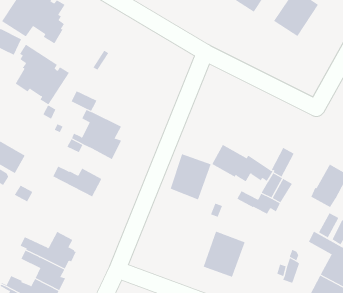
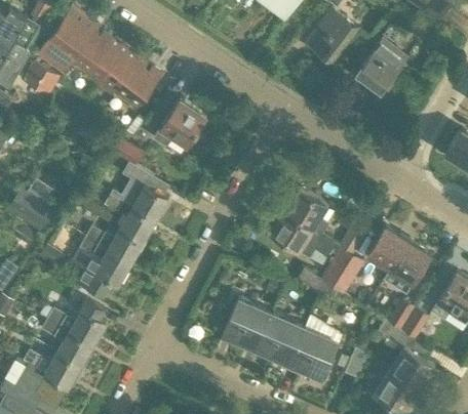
building: [15,44,70,105] -> [98,39,162,112]
building: none -> [155,100,207,148]
building: none -> [285,189,327,230]
building: none -> [120,208,156,244]
building: none -> [367,229,408,270]
building: [170,154,211,200] -> [221,298,271,354]
building: none -> [66,238,130,295]
building: none -> [287,328,339,382]

